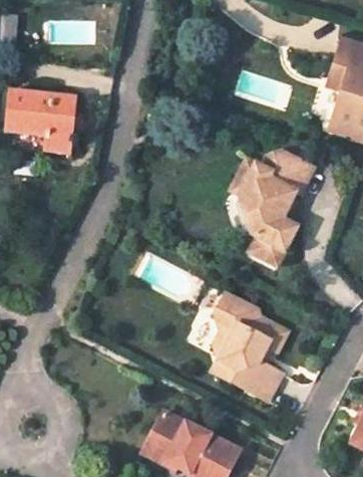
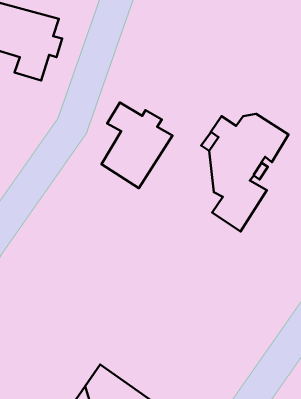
building: none -> [101,103,173,188]
building: [215,289,295,402] -> none

